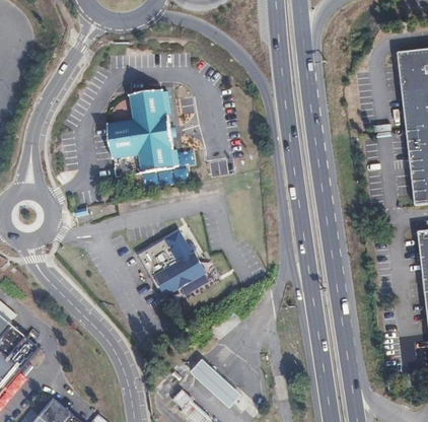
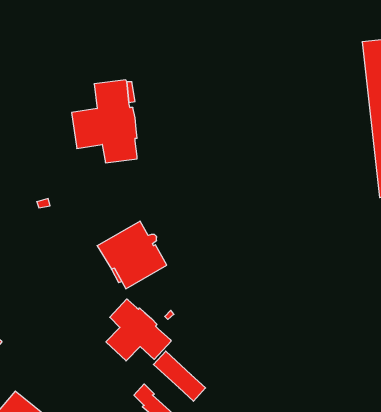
building: none -> [106,299,171,361]

